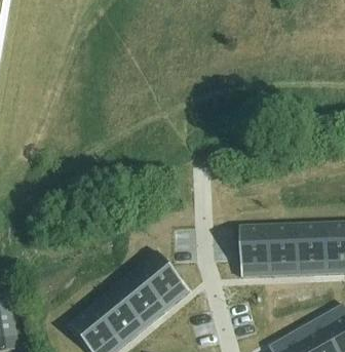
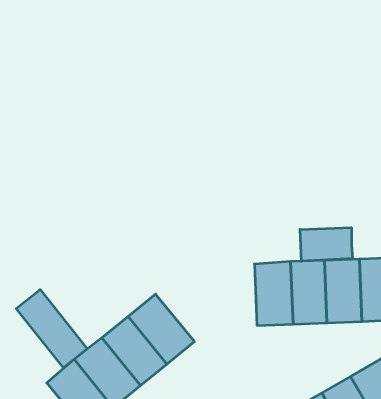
building: none -> [300,228,353,261]
building: none -> [16,290,87,368]

